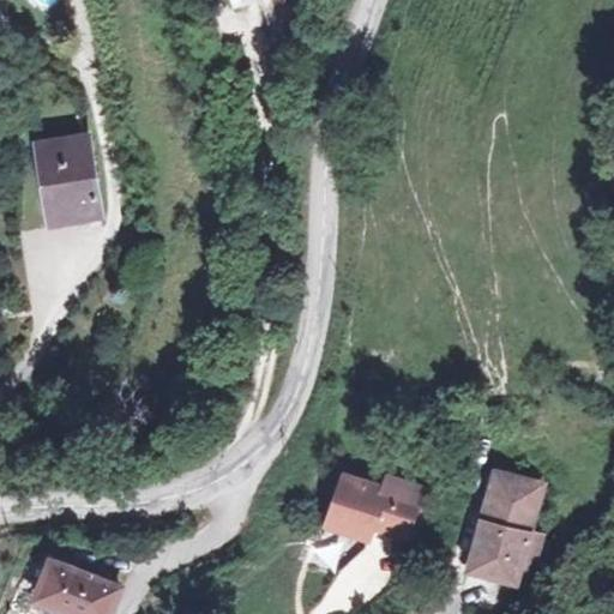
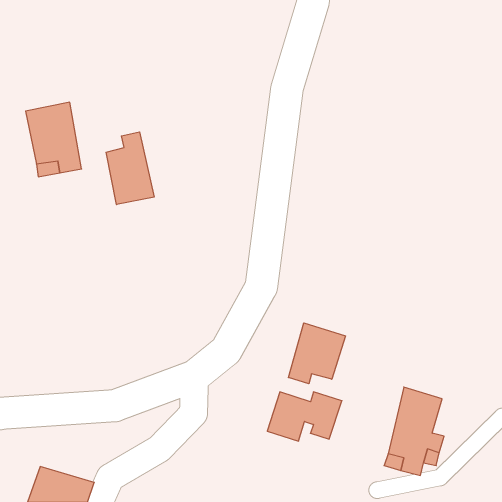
building: none -> [106,132,154,205]
building: none -> [288,323,345,384]

